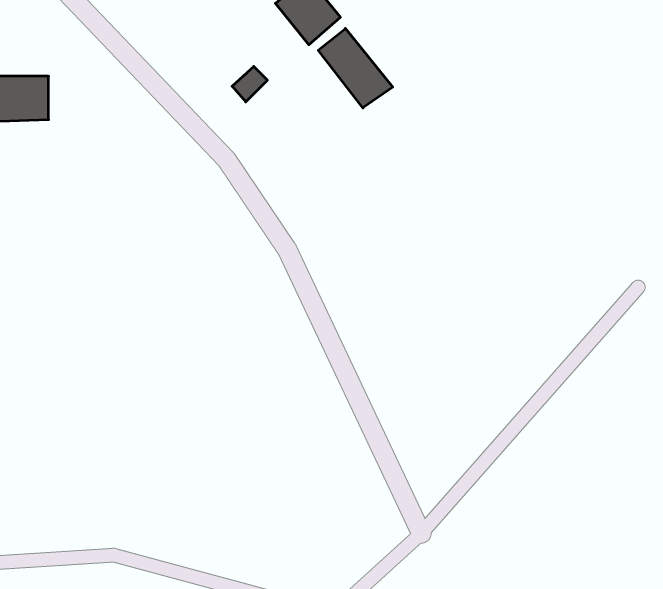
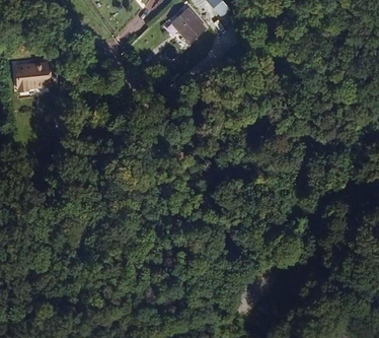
building: [318,28,393,108] -> none

